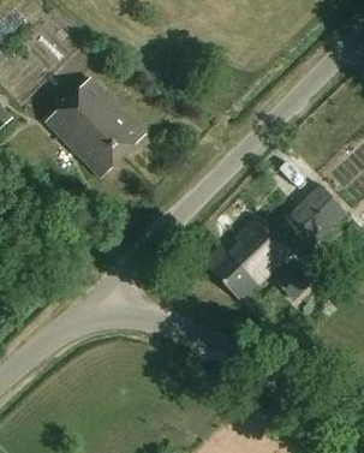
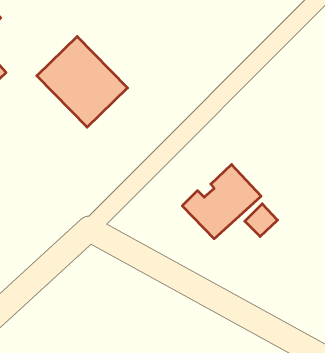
building: [280,184,346,250] -> none

